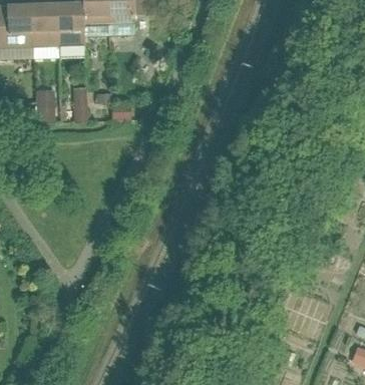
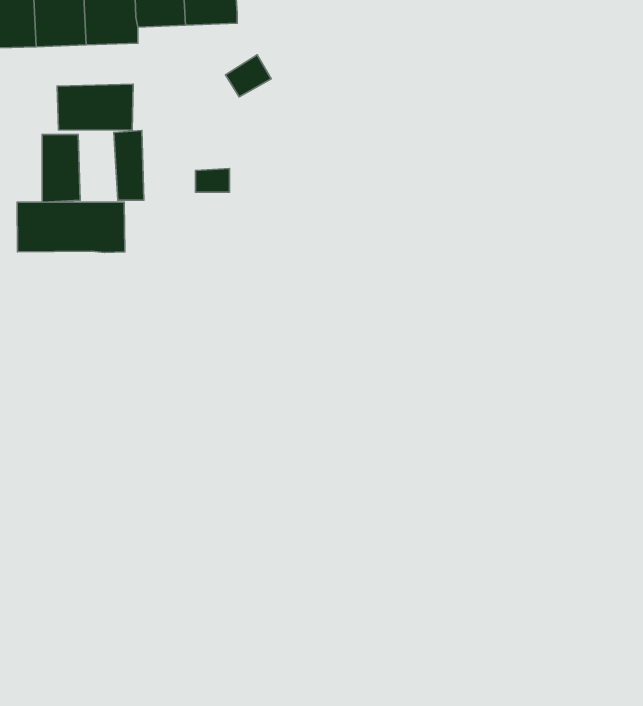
building: none -> [57,84,133,130]
building: none -> [17,202,125,253]

